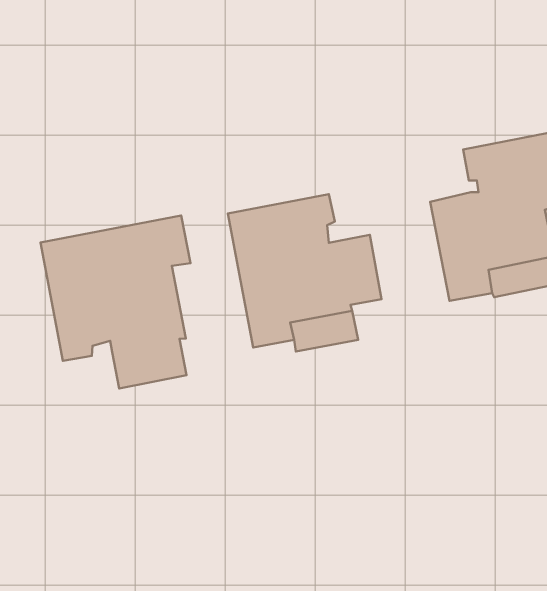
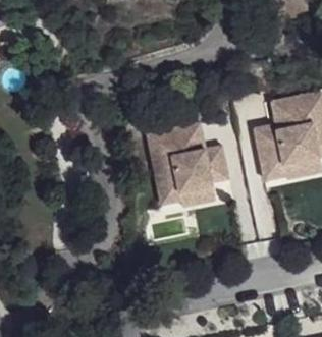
building: [41,215,190,389] -> none

